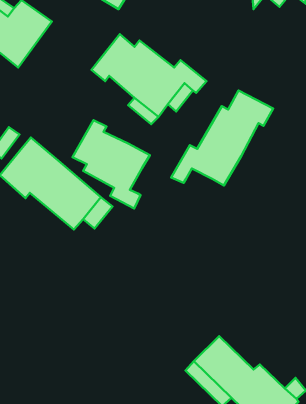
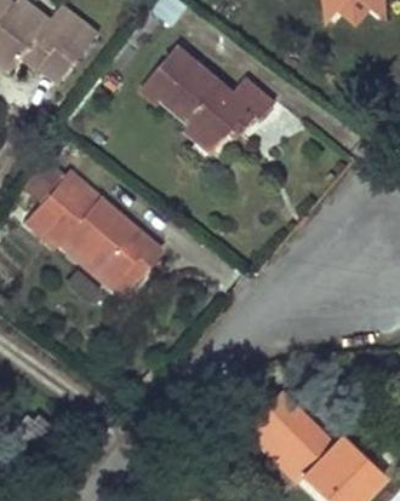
building: [171,90,273,186] -> none
building: [73,120,150,208] -> none

